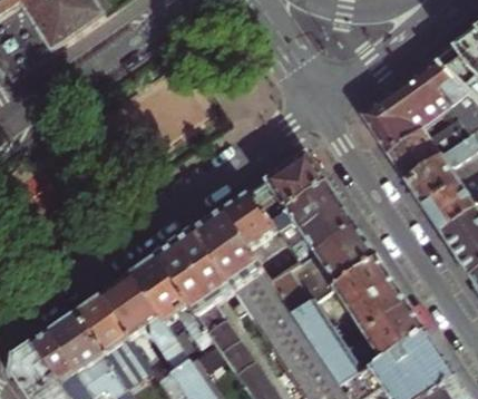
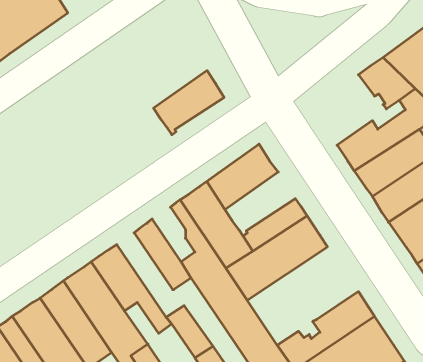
building: [360,79,437,153] -> none
building: [269,181,342,247] -> [154,71,224,135]
building: [193,217,237,274] -> none
building: [156,244,226,332] -> none
building: [292,259,408,361] -> none

